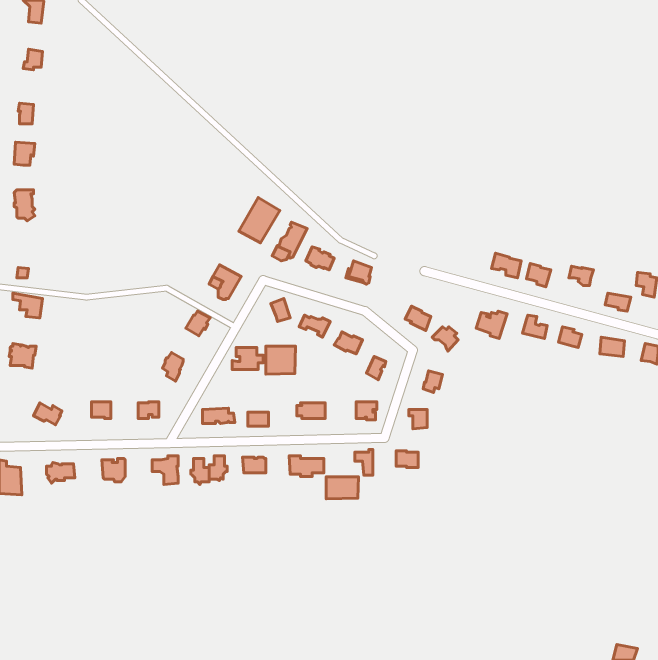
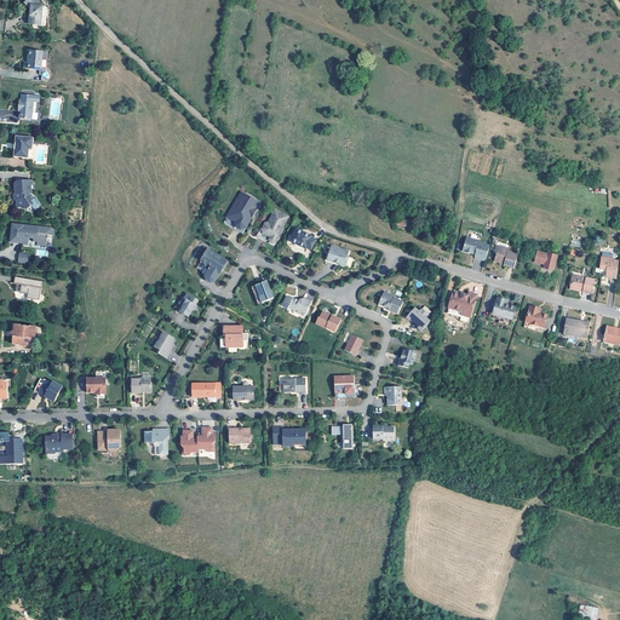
building: none -> [8,222,48,243]
building: [266,346,296,374] -> none
building: [326,477,359,499] -> none

